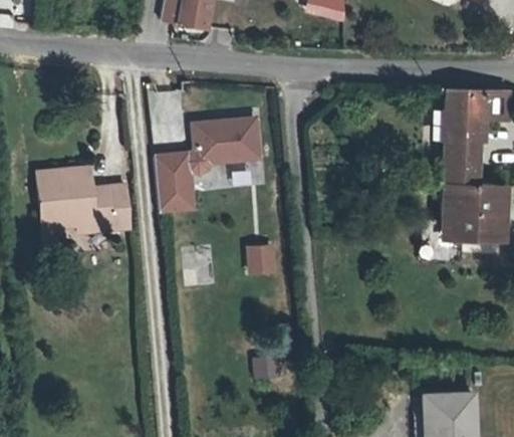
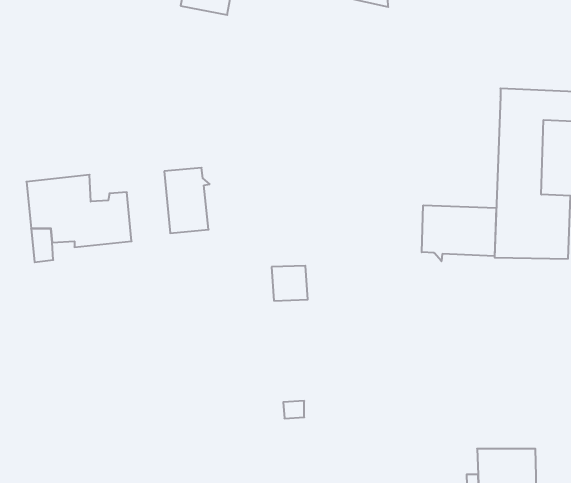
building: [189,120,261,172] -> none
building: none -> [422,205,496,261]

